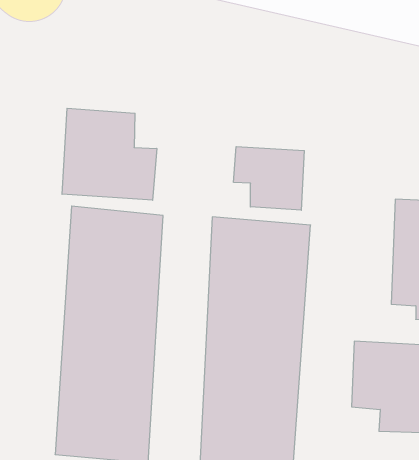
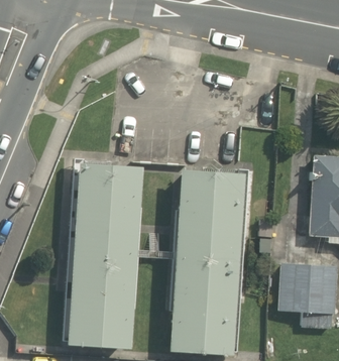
building: [62,108,157,200] -> none
building: [234,147,304,210] -> none

